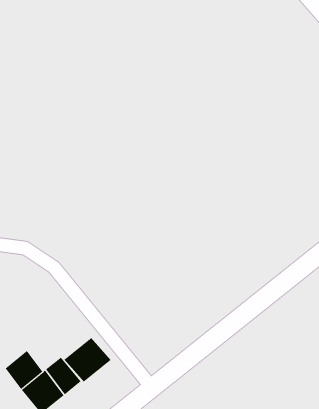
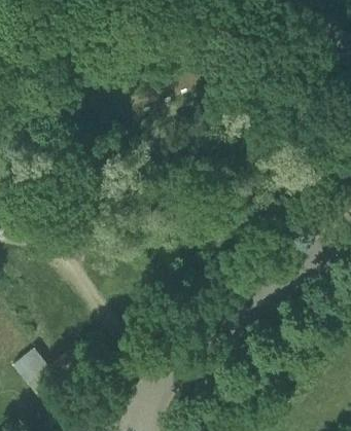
building: [64,337,111,383] -> none

